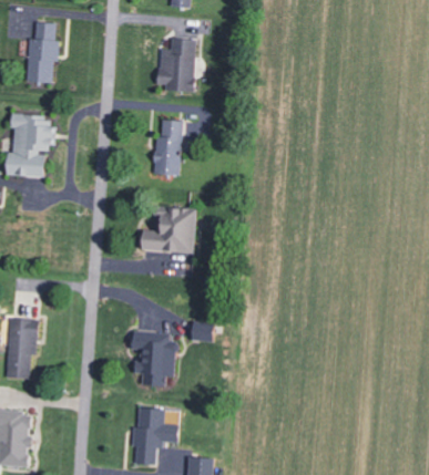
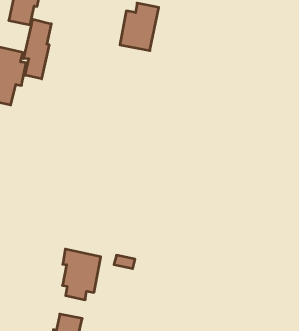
building: none -> [24,19,51,79]
building: [153,120,182,175] -> none
building: [141,207,195,252] -> none

